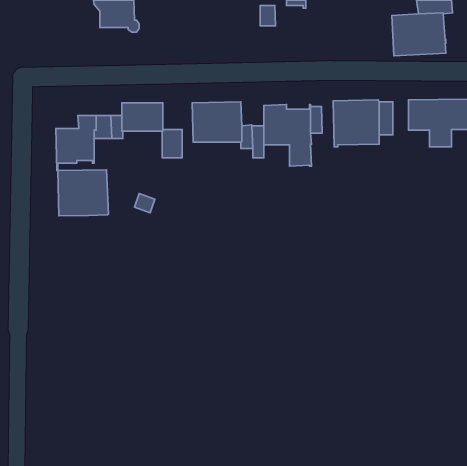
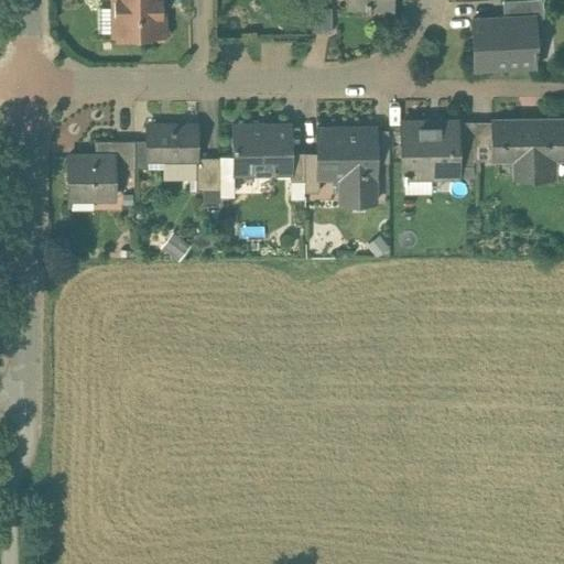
building: none -> [474,126,492,160]
building: [58,170,109,216] -> none

